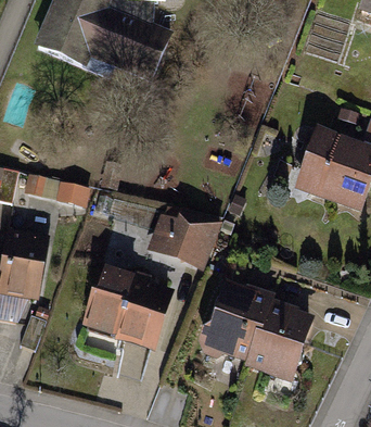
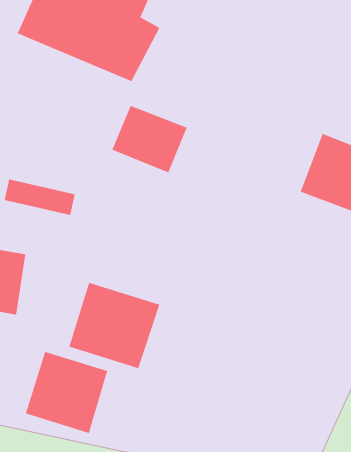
building: [151,205,221,268] -> [111,105,188,173]
building: [205,286,306,379] -> none
building: none -> [25,351,108,434]

